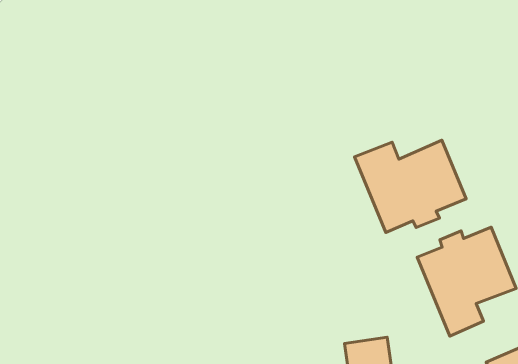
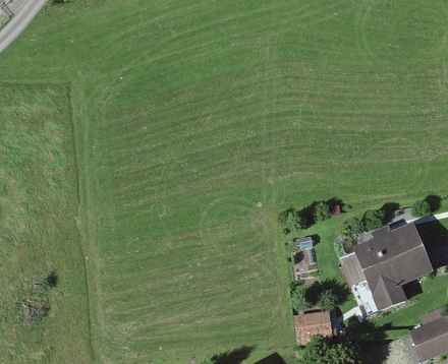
building: [354,140,466,232] -> none

